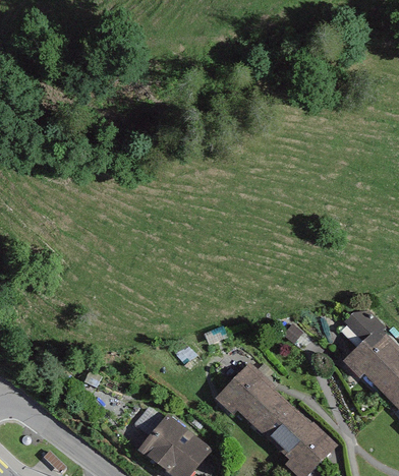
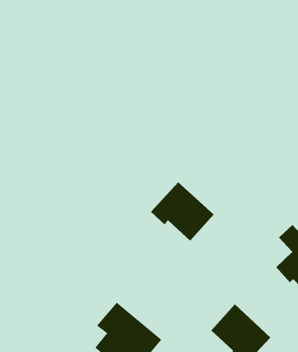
building: [216,362,293,434] -> [150,181,215,241]

